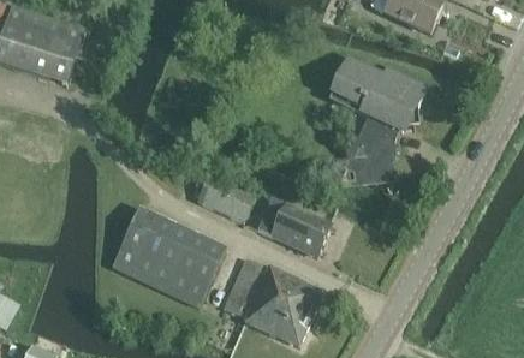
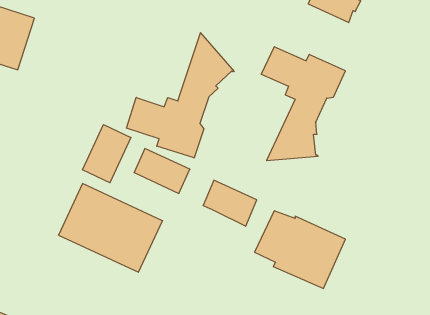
building: none -> [127,33,234,158]
building: none -> [83,125,131,183]
building: [222,259,322,345] -> [255,211,345,288]

